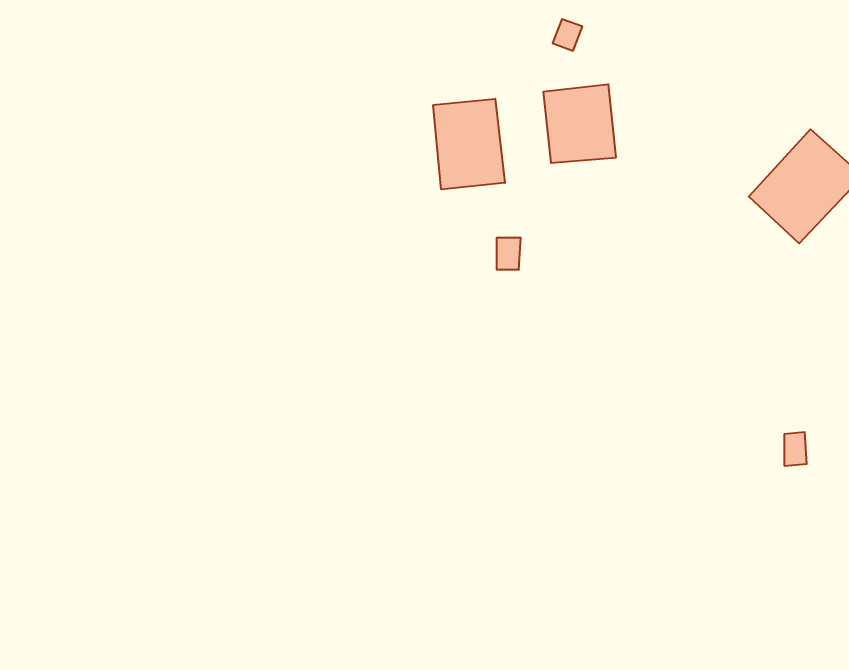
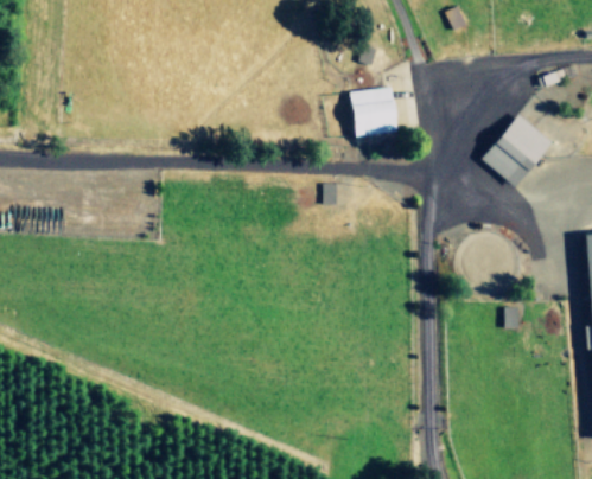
building: [433,99,505,189] -> none

